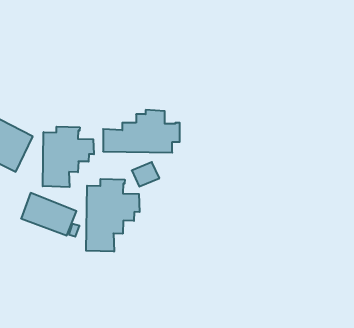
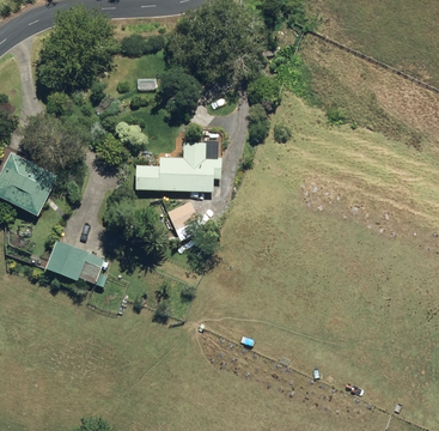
building: [43,127,94,187] -> none
building: [86,179,140,252] -> none

